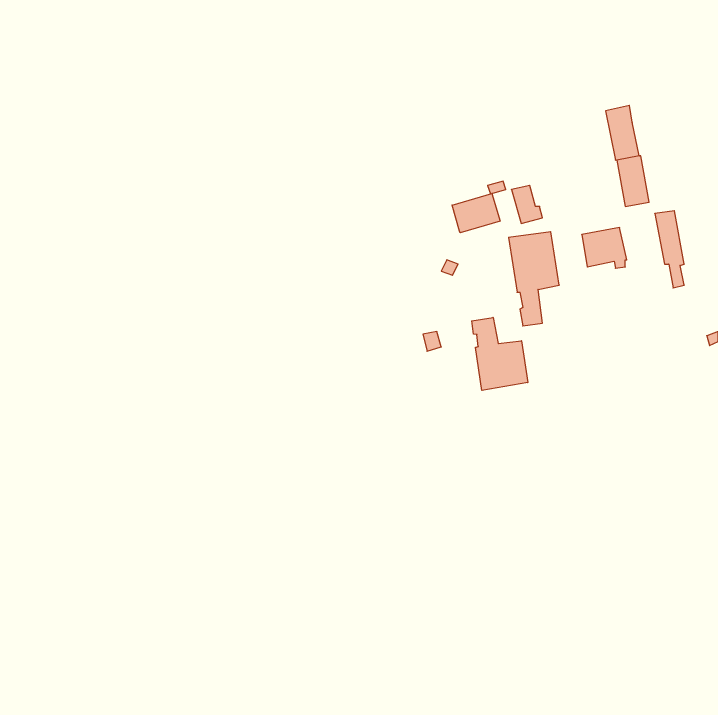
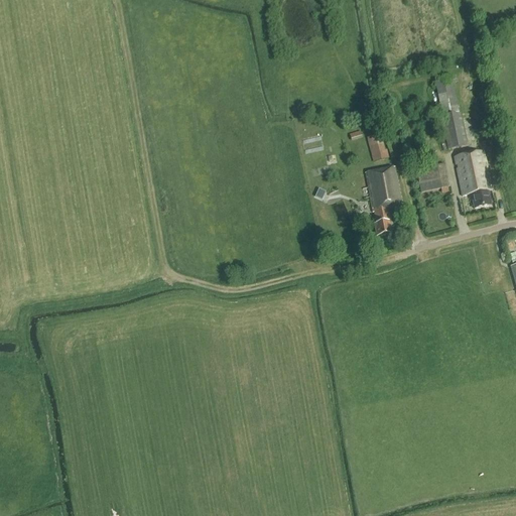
building: [452,193,500,233] -> none
building: none -> [456,153,483,208]
building: [472,317,528,390] -> none

